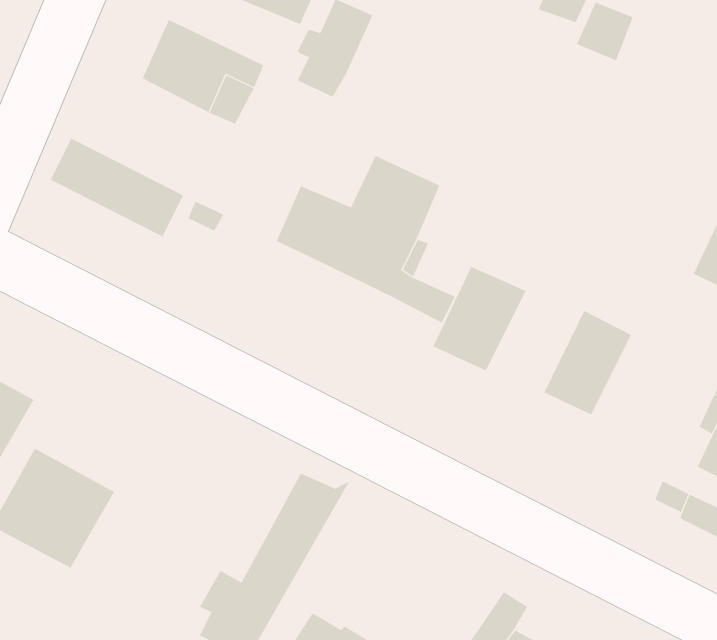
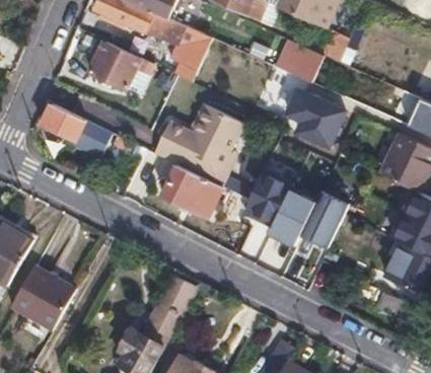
building: none -> [278,39,325,82]
building: none -> [287,85,344,141]
building: none -> [163,164,221,216]
building: none -> [270,186,319,244]

